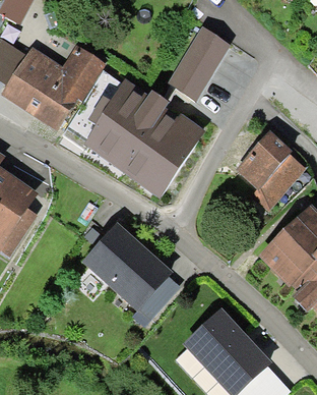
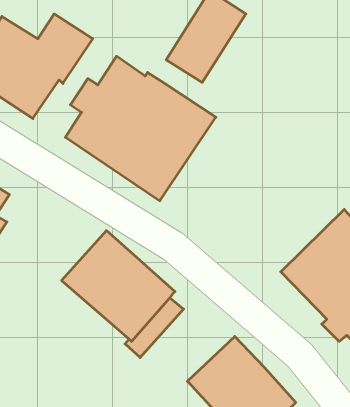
building: [235,131,307,210] -> none

